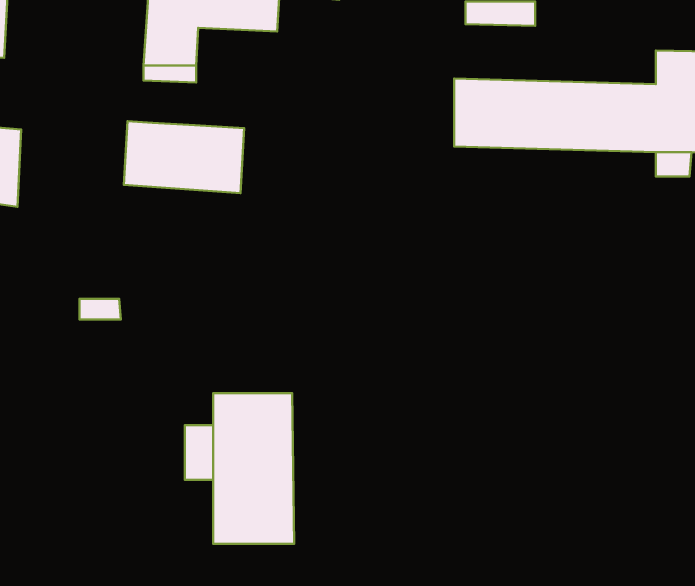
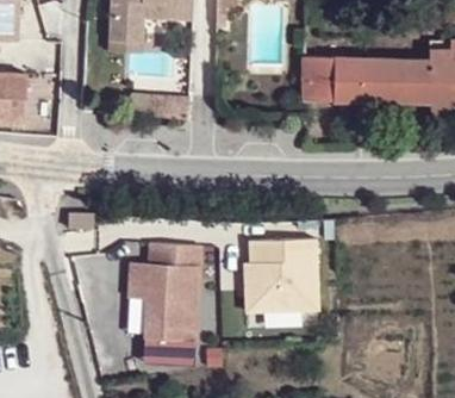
building: [124,121,244,193] -> none
building: none -> [245,241,319,317]

